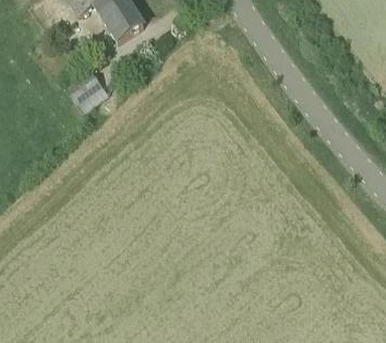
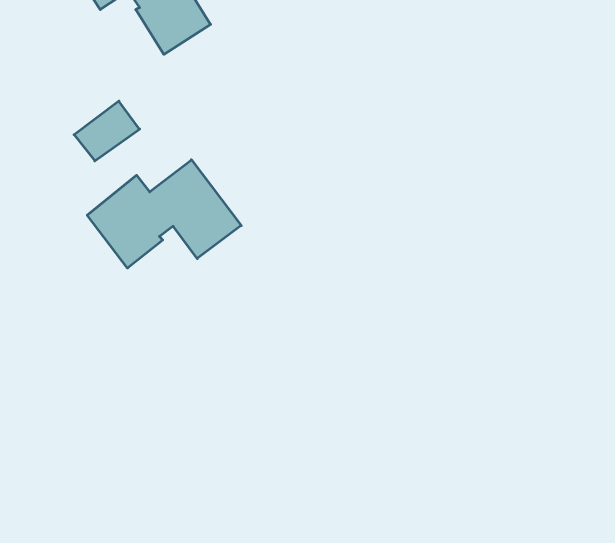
building: none -> [87,160,241,268]

